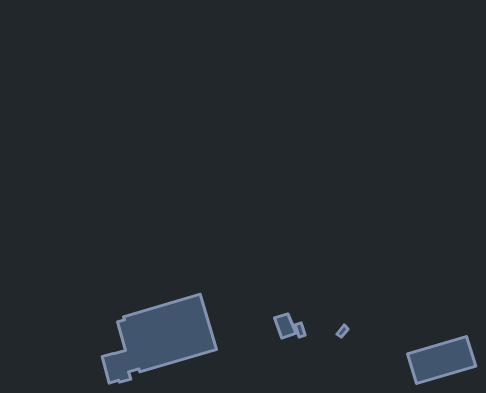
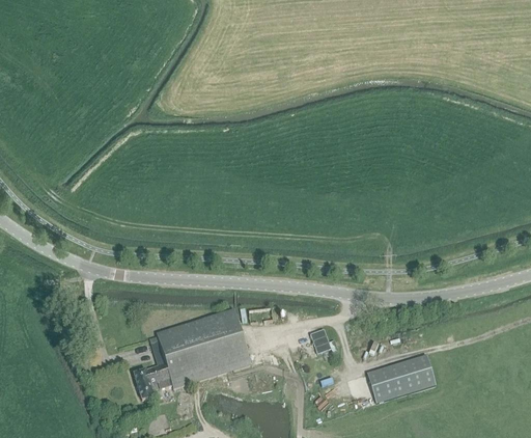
building: [407,337,476,384] -> [367,354,437,402]

